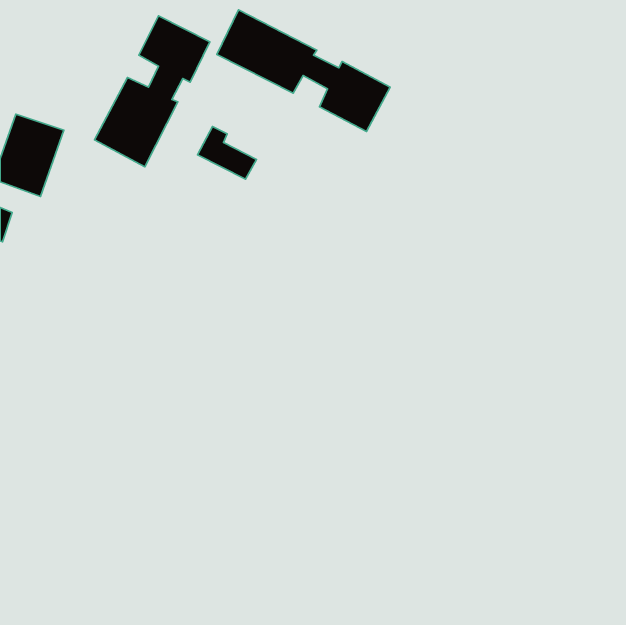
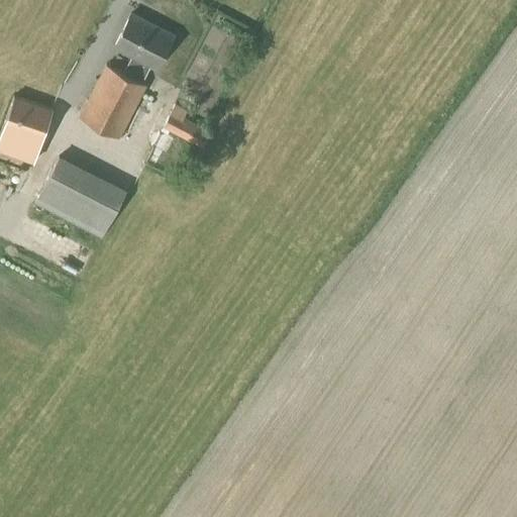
building: [217,10,390,131] -> none
building: none -> [34,156,127,240]

